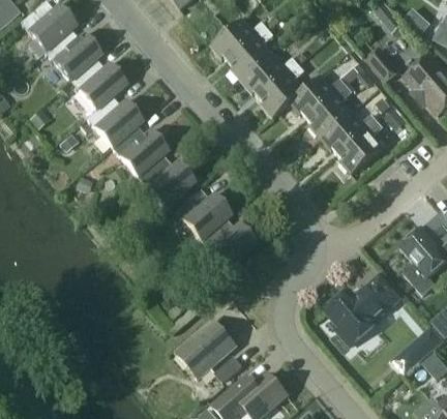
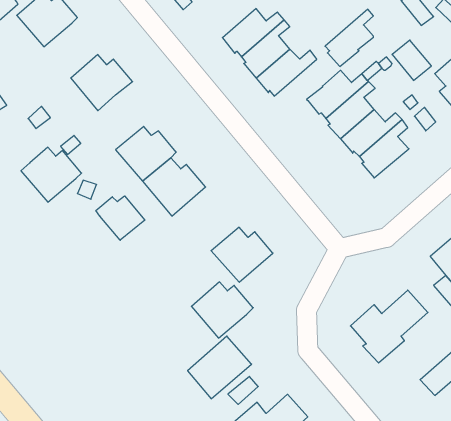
building: [44,30,100,81] -> none
building: [257,63,301,116] -> [325,9,373,66]
building: [86,96,142,147] -> [21,147,82,202]
building: [174,188,231,240] -> [191,282,253,338]
building: none -> [96,196,145,240]

